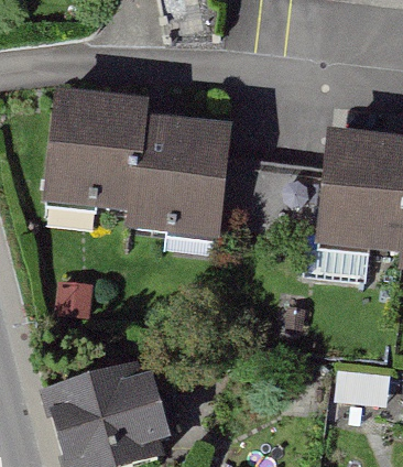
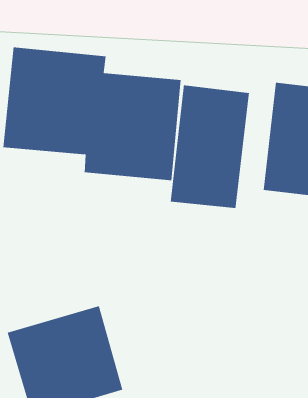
building: none -> [170,84,250,209]

